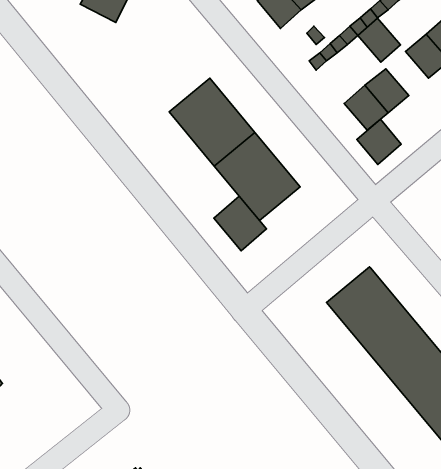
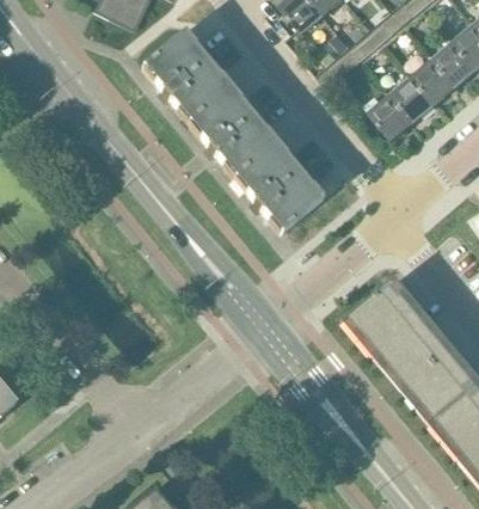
building: [358,18,401,62] -> [412,57,456,103]
building: none -> [142,29,231,119]
building: [357,119,401,164] -> none
building: [214,196,266,251] -> none

